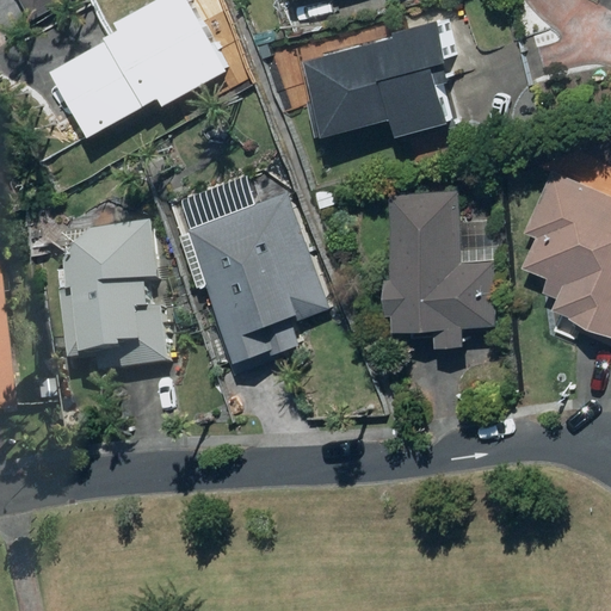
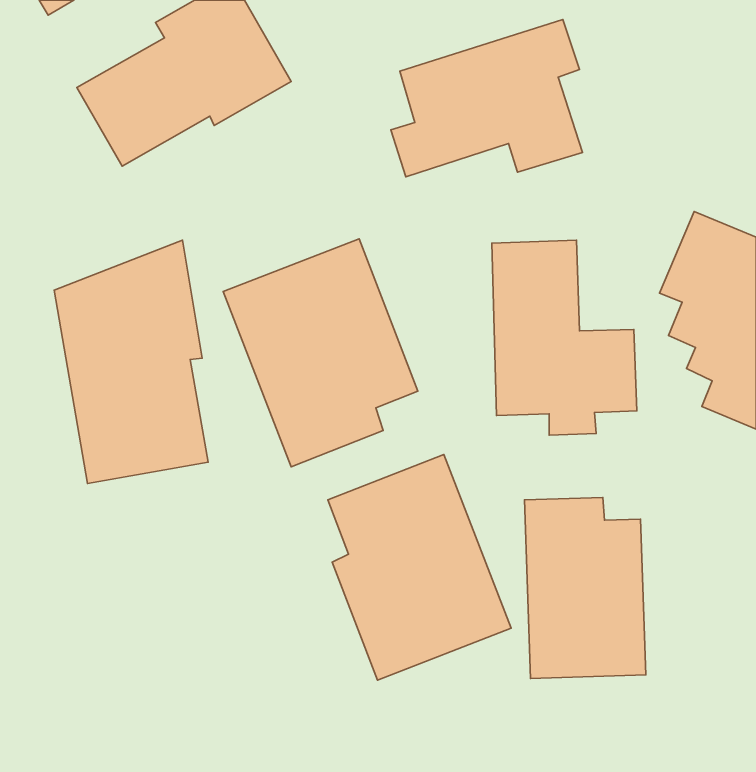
building: none -> [328,454,511,680]
building: none -> [525,498,646,678]

